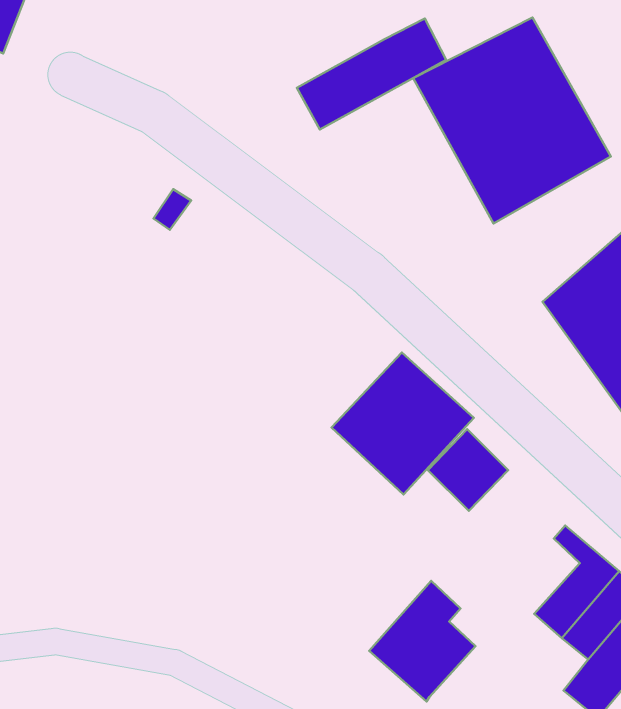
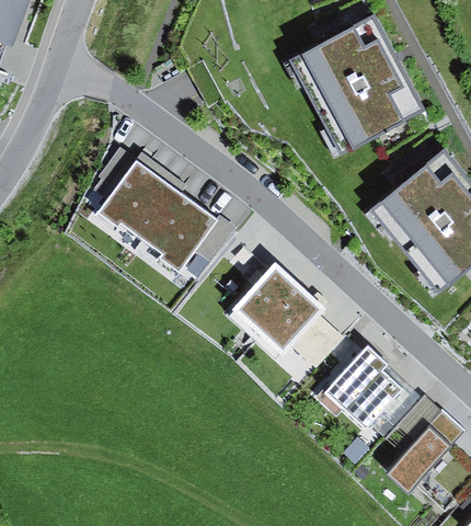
building: [297,19,446,129] -> none
building: none -> [94,159,217,275]
building: [369,581,475,702] -> [328,343,399,424]

